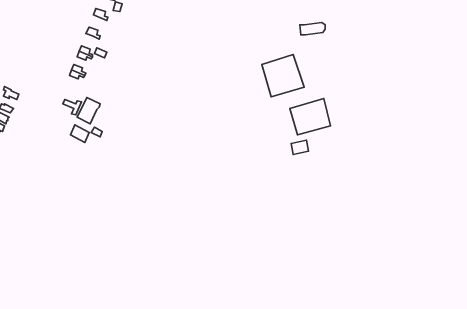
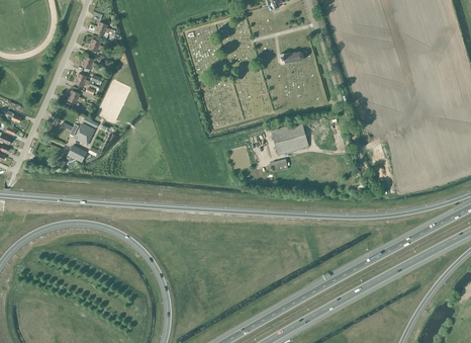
building: [262,54,304,97] -> none

